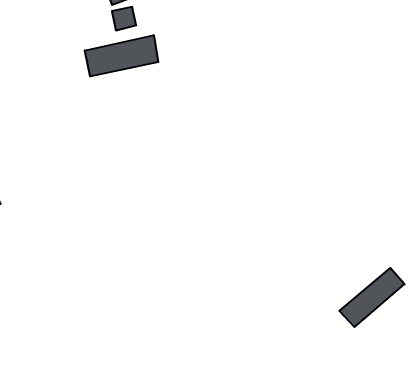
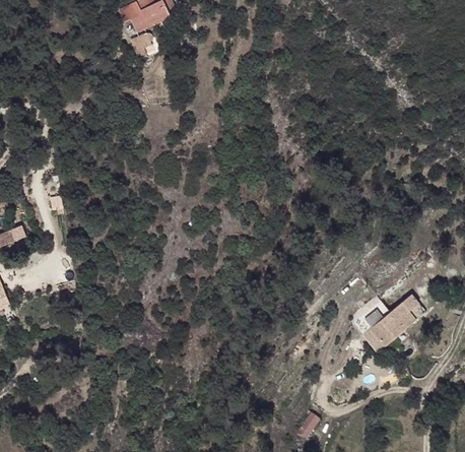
building: [85,35,158,76] -> none

